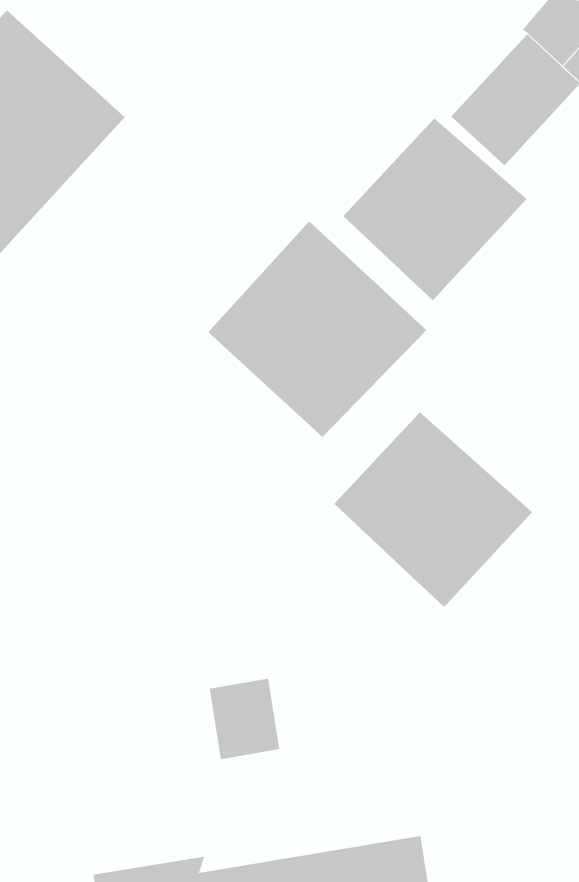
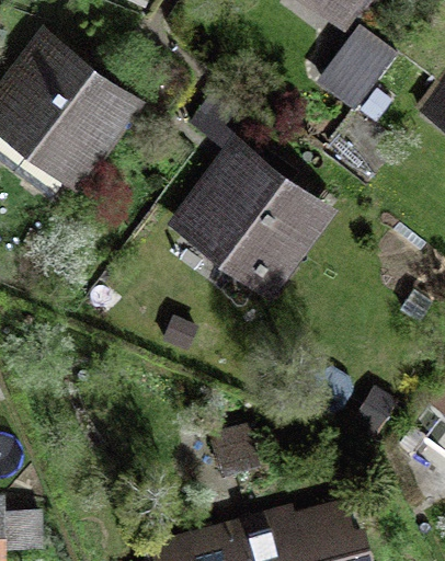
building: [343,117,527,301] -> none
building: [333,412,533,608] -> none

